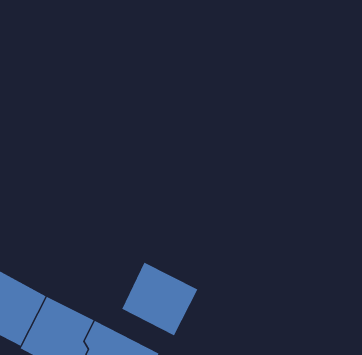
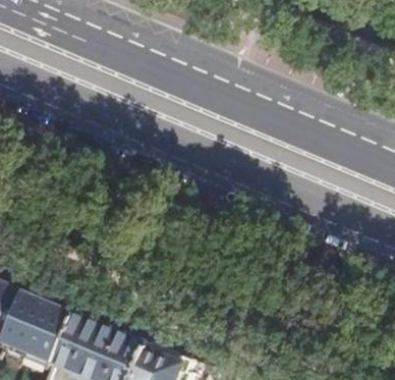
building: [122,262,198,336] -> none

